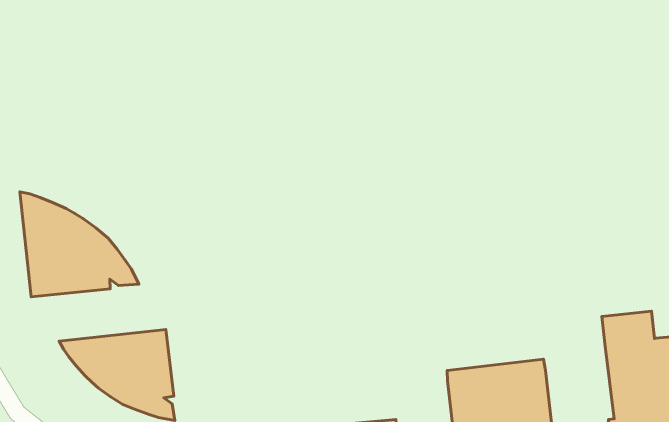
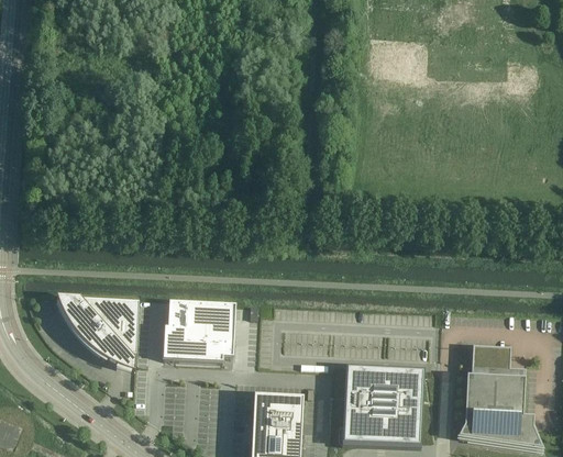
building: [20,192,139,297] -> none
building: none -> [162,300,234,359]

